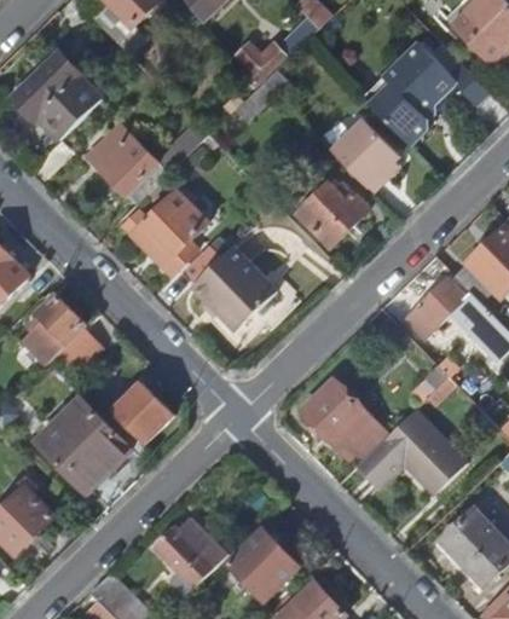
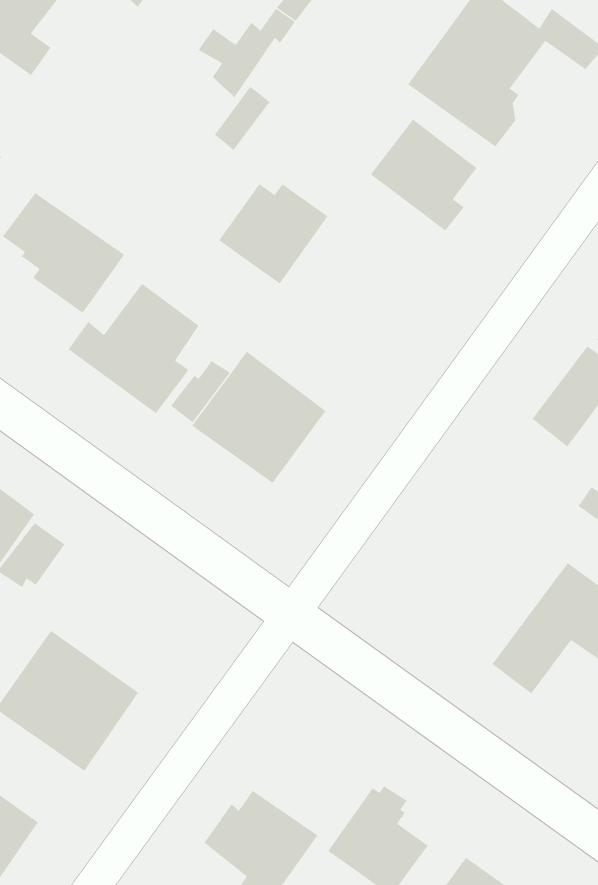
building: [296,180,368,245] -> [218,183,329,285]
building: [300,378,387,465] -> none
building: [112,381,175,442] -> none

